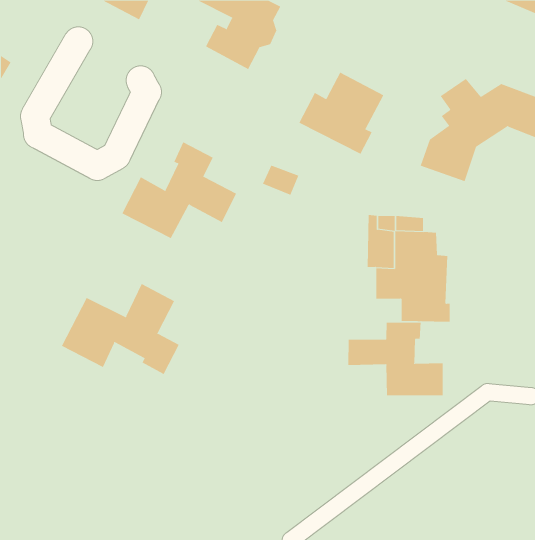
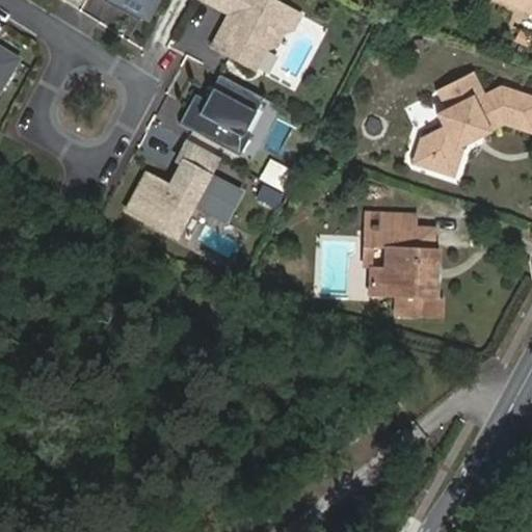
building: [298,72,384,154] -> [175,74,259,155]
building: [61,283,179,375] -> none
building: [348,322,443,396] -> none

